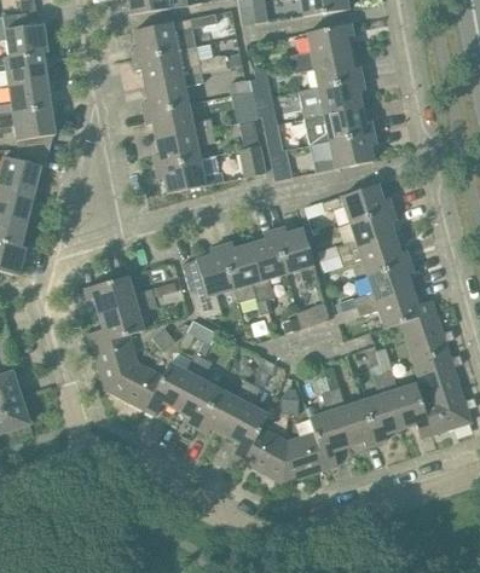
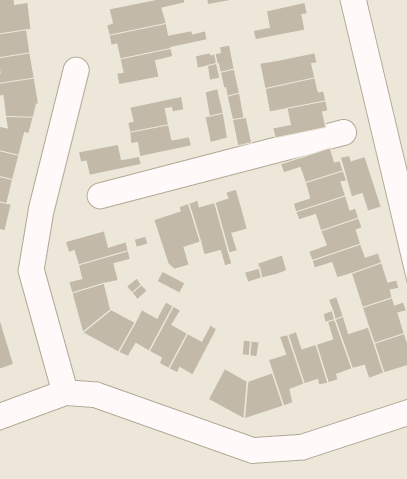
building: [295,53,362,87] -> none
building: [144,105,214,139] -> [78,145,142,175]
building: [274,227,320,289] -> [340,155,382,211]
building: [226,384,268,462] -> none

